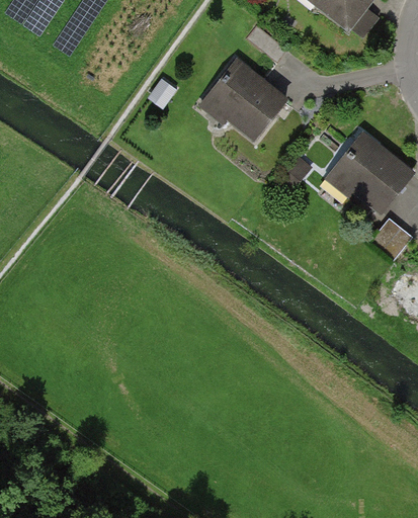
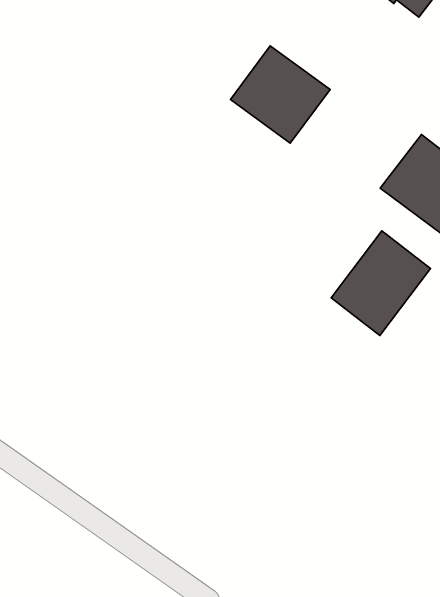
building: none -> [331,231,431,335]

